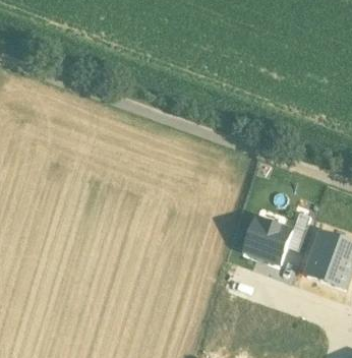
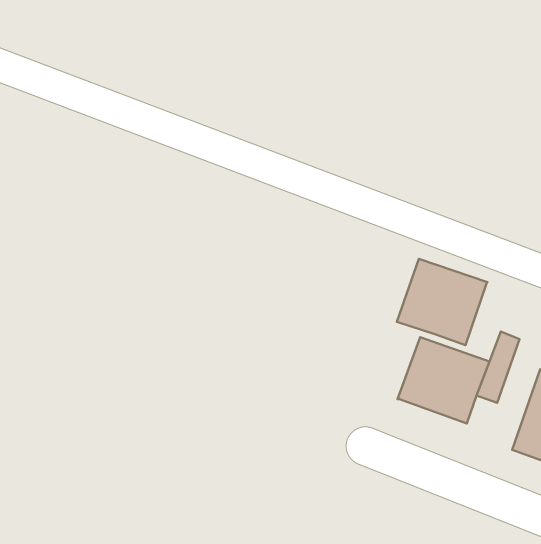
building: none -> [397,259,488,345]

